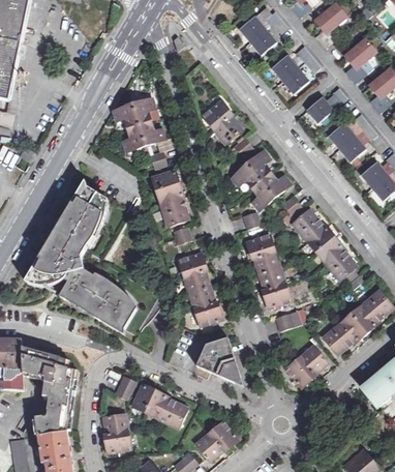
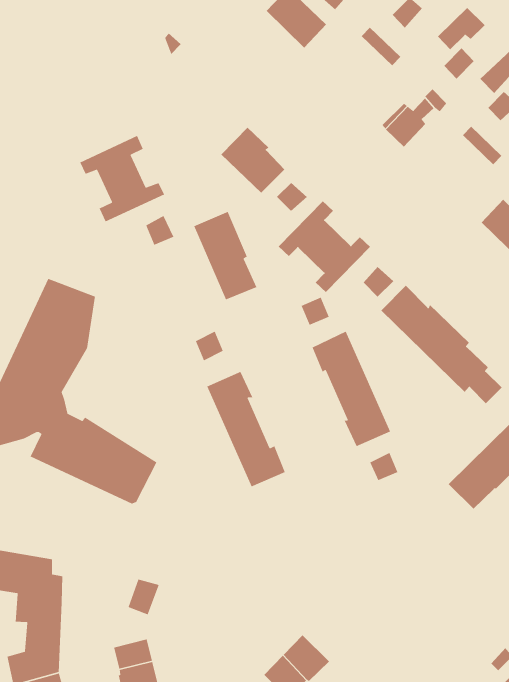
building: [271,55,308,94] -> none
building: [328,123,365,163] -> none
building: [152,170,188,226] -> [193,211,257,300]
building: [195,337,243,386] -> none
building: [285,346,327,387] -> none
building: [132,384,187,427] -> none

